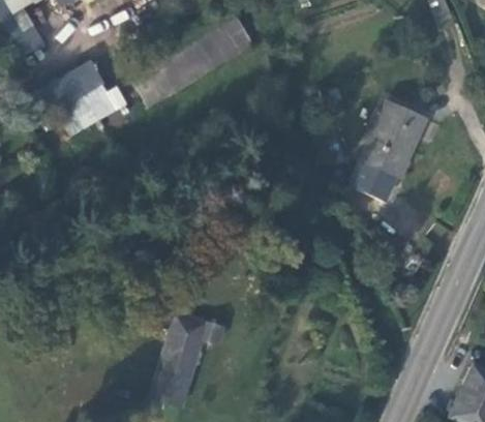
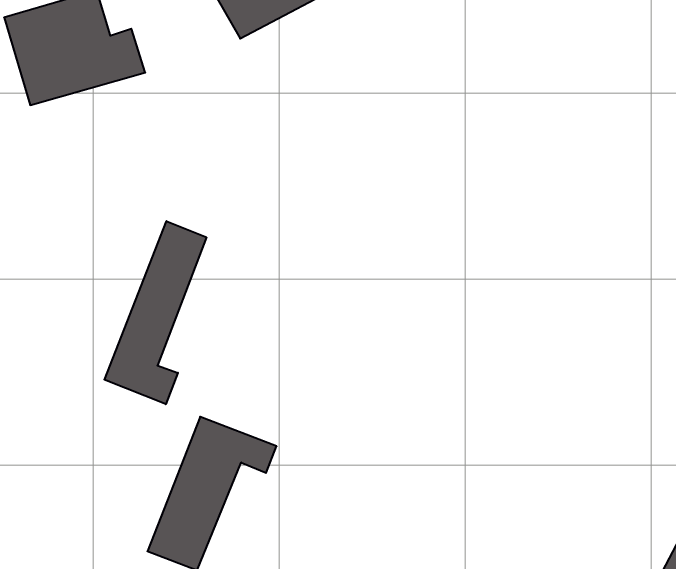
building: [347,101,425,205] -> none
building: none -> [104,221,206,404]

